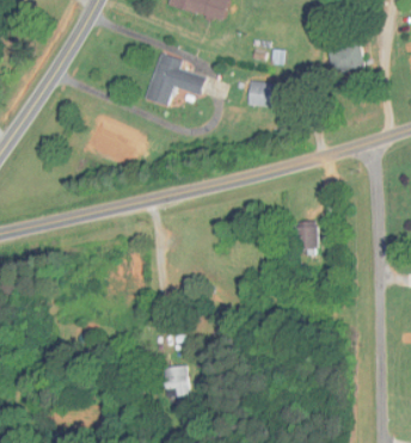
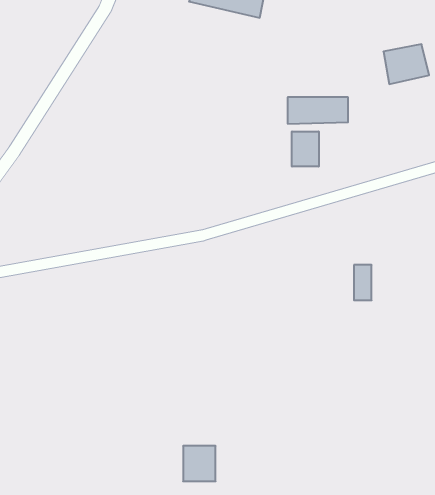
building: [143,51,202,105] -> none
building: none -> [292,131,319,167]

